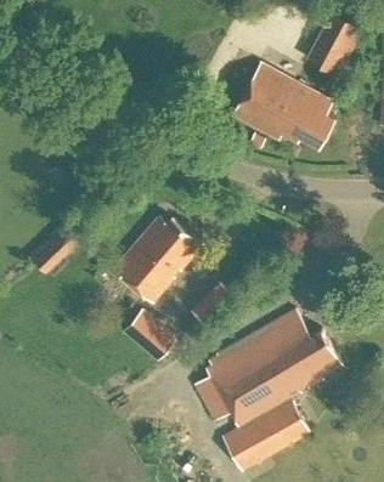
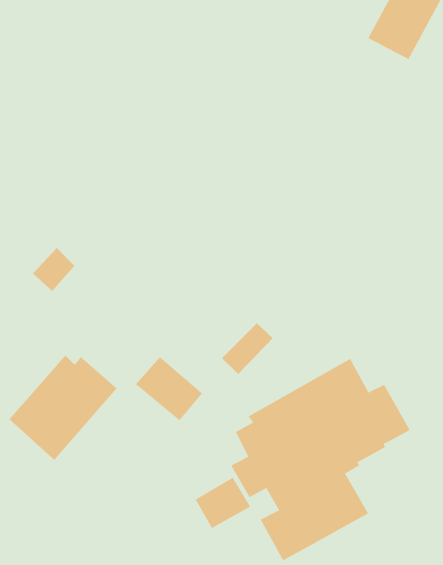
building: [231,62,334,147] -> none
building: [114,219,201,302] -> [8,355,118,461]
building: none -> [195,477,251,529]

